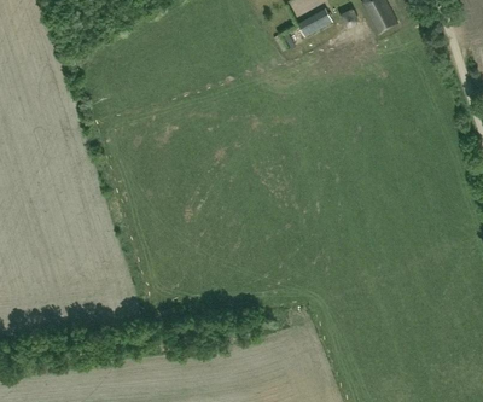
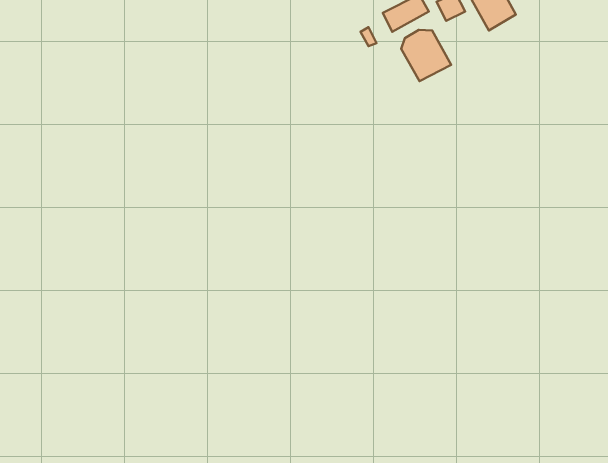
building: none -> [401,30,451,81]

